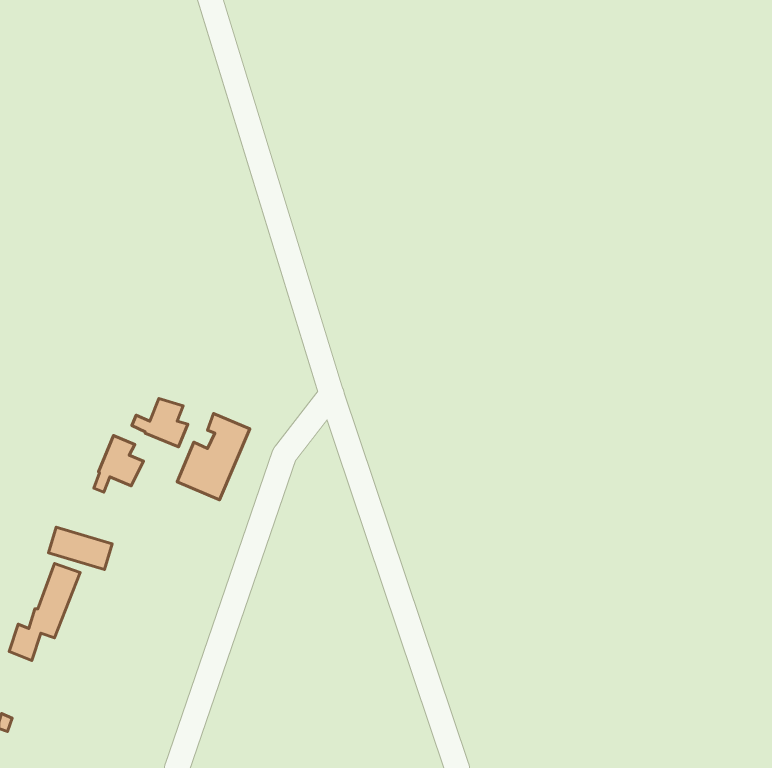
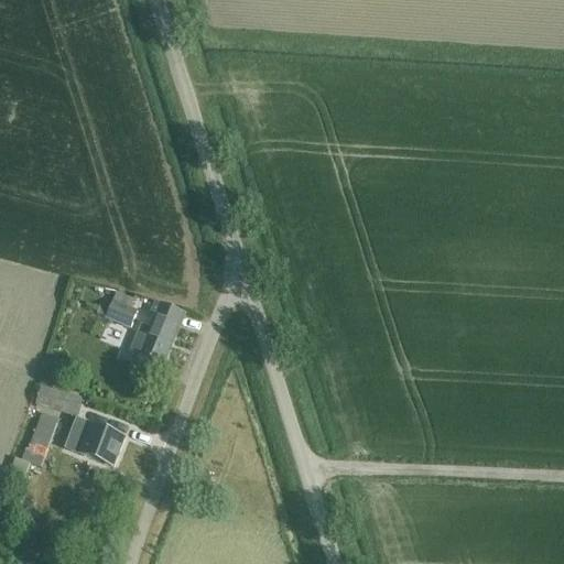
building: [94,435,144,492] -> none
building: none -> [68,421,122,464]

